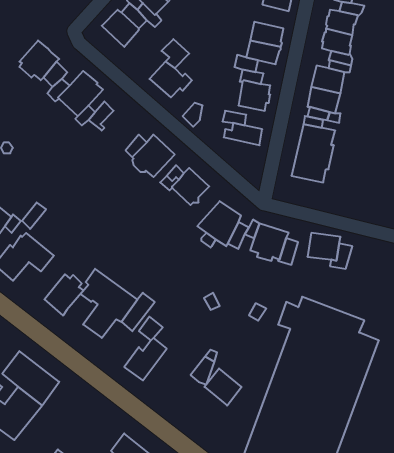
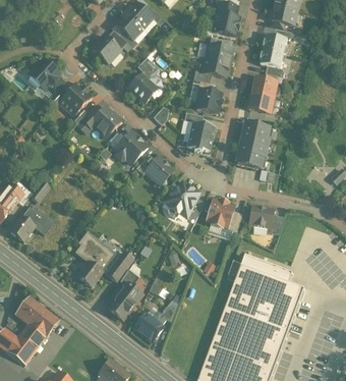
building: none -> [90,106,120,137]
building: none -> [182,132,212,153]
building: [44,274,83,316] -> none
building: [204,368,242,406] -> [133,314,162,342]

